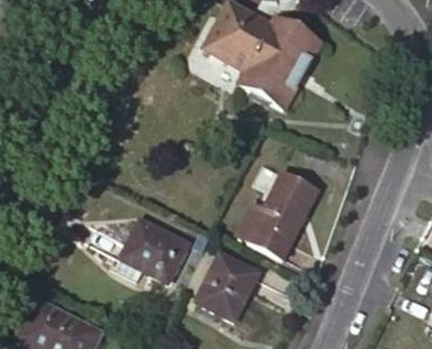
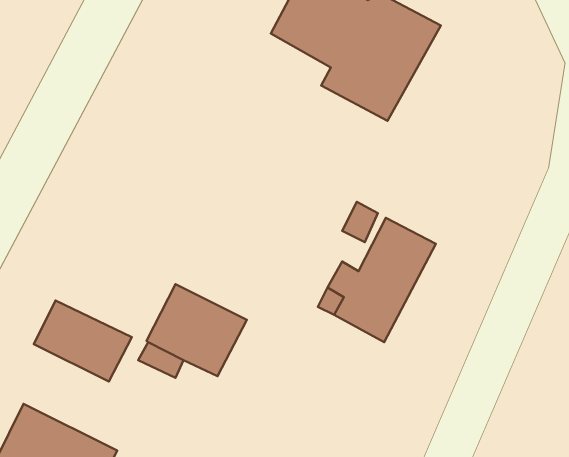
building: none -> [34,300,132,382]
building: [196,252,258,319] -> none

